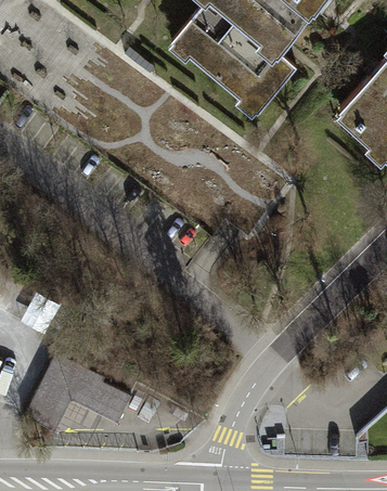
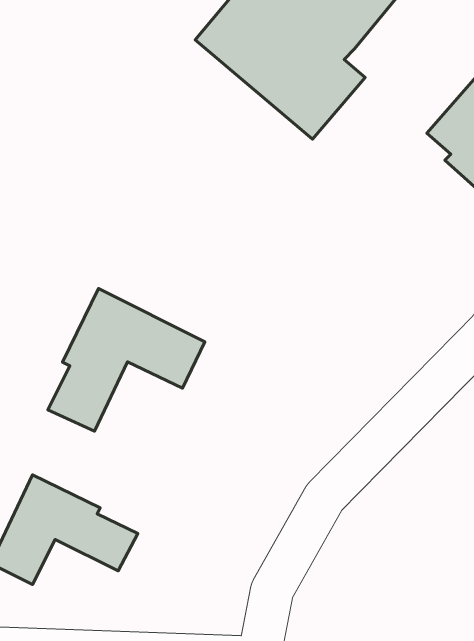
building: none -> [48,289,205,431]

